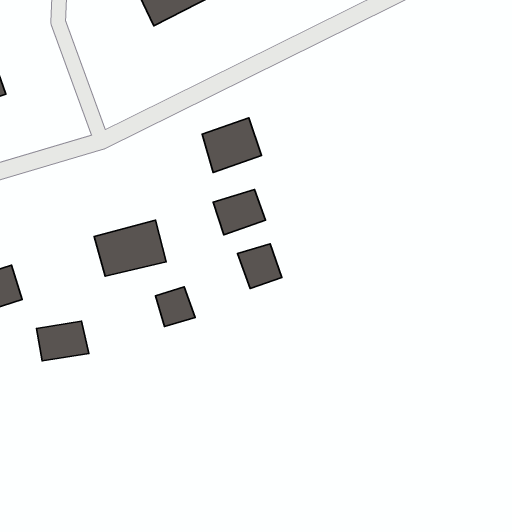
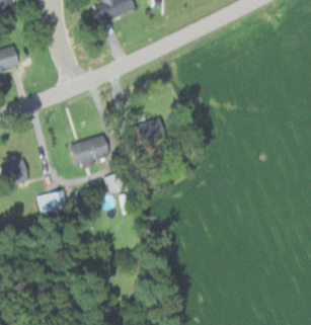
building: [202,118,262,173] -> none
building: [238,244,282,288] -> none

